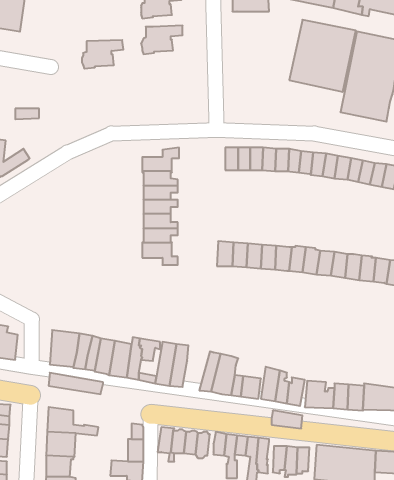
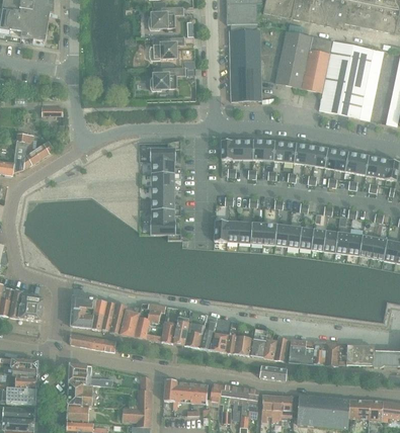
building: none -> [230,26,262,100]
building: [82,40,123,69] -> [150,66,185,90]
building: none -> [184,309,208,347]

